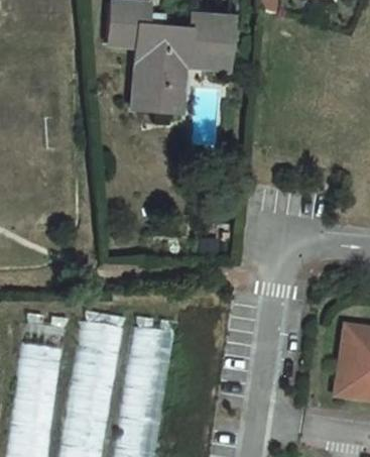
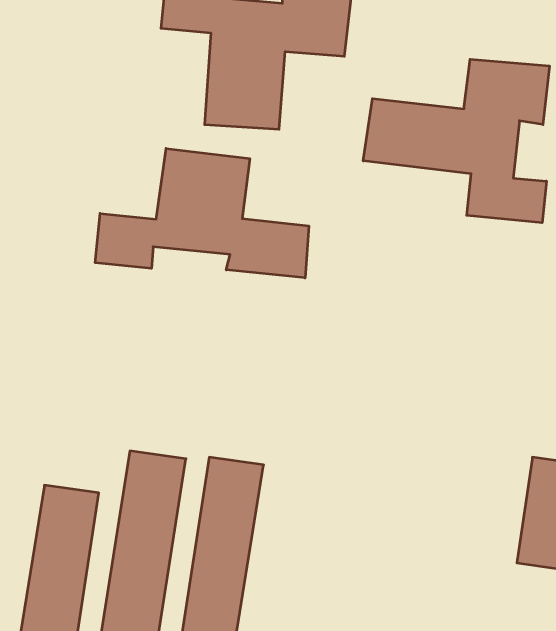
building: none -> [363,59,549,223]
building: none -> [95,148,309,278]

